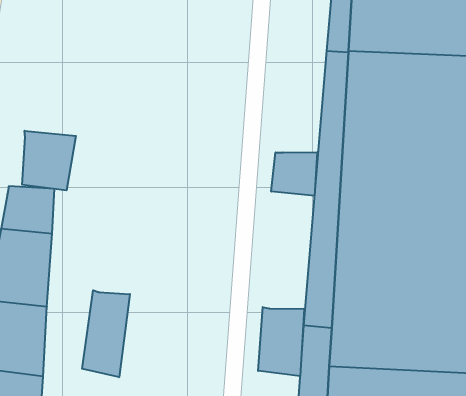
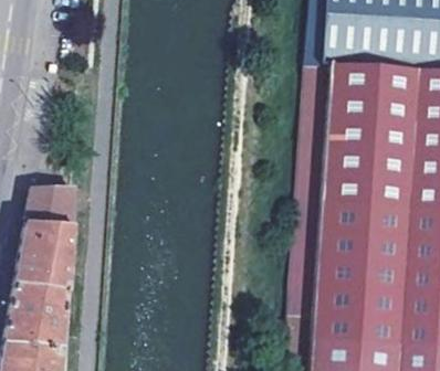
building: [22,131,76,190] -> none
building: [271,152,317,196] -> none
building: [82,290,130,377] -> none
building: [258,307,304,376] -> none

